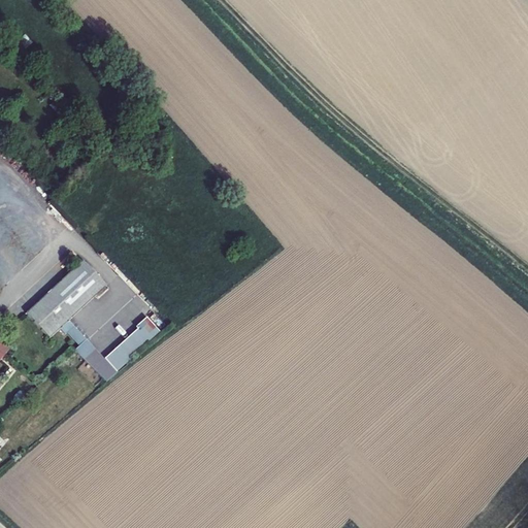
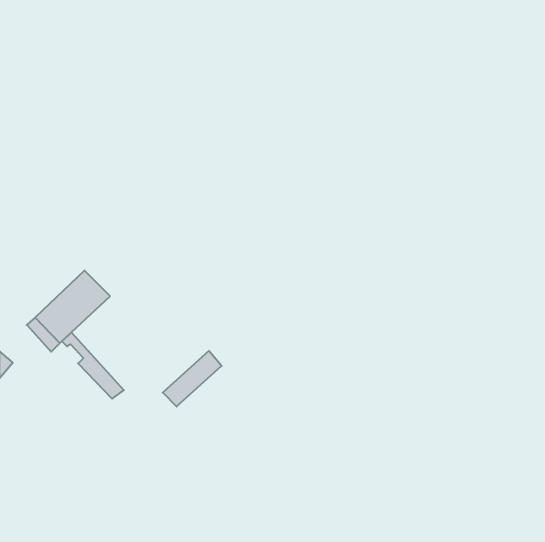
building: [102,314,159,367] -> [163,351,222,407]

